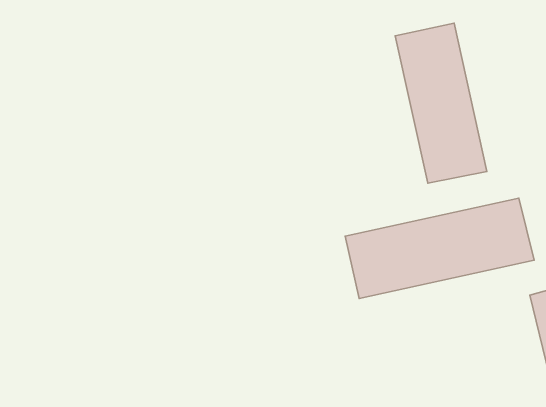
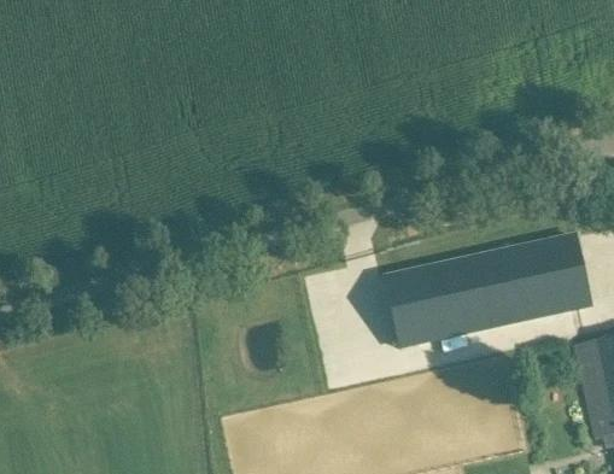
building: [395,23,487,183] -> none

